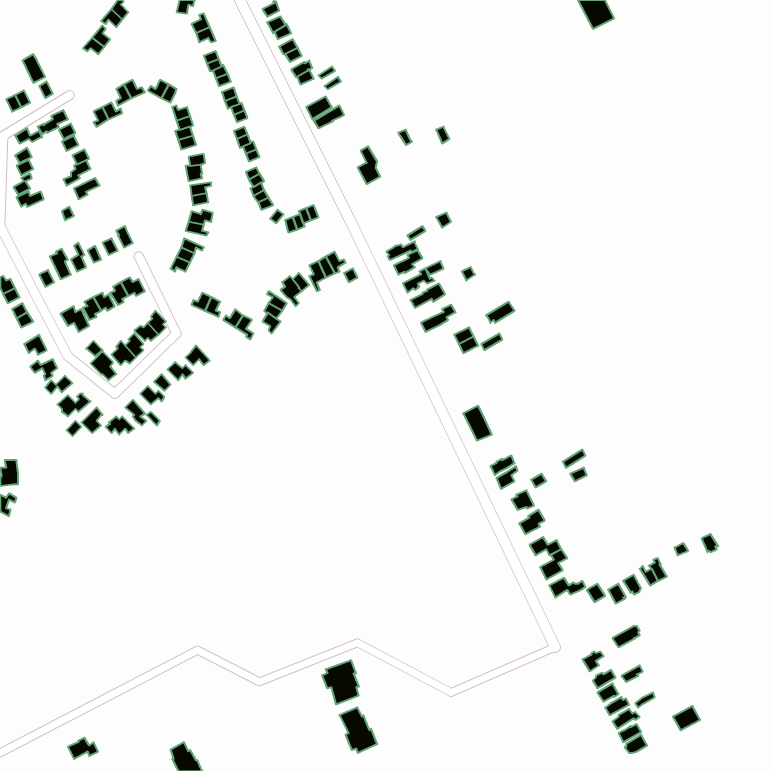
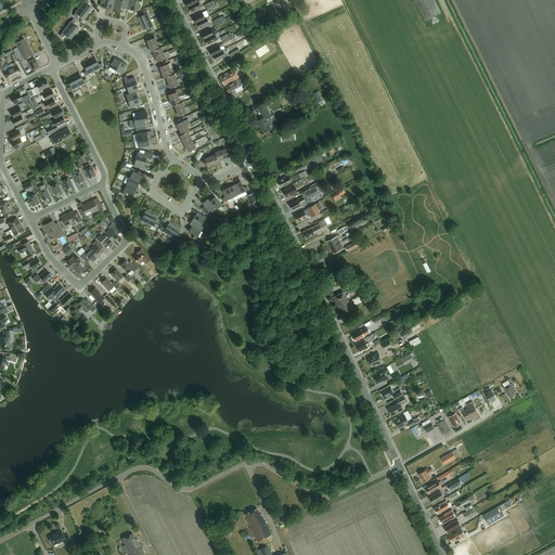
building: [322,660,359,704] -> none

